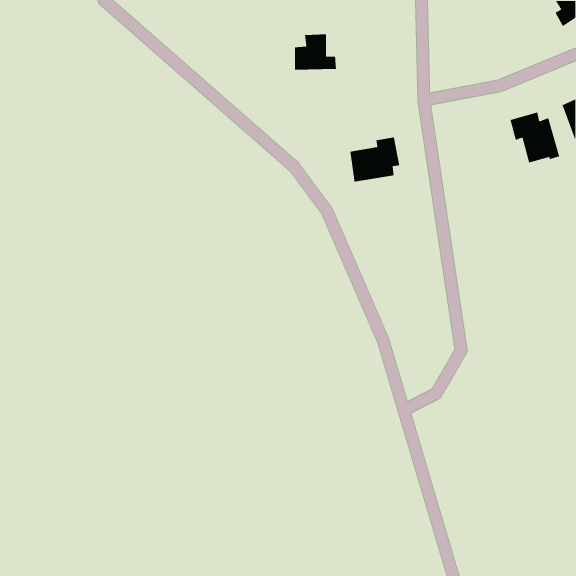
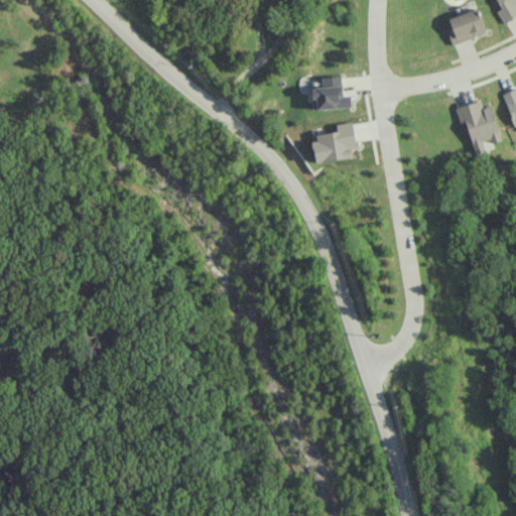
building: none -> [446,8,486,44]
building: [294,33,337,71] -> [312,76,351,109]

